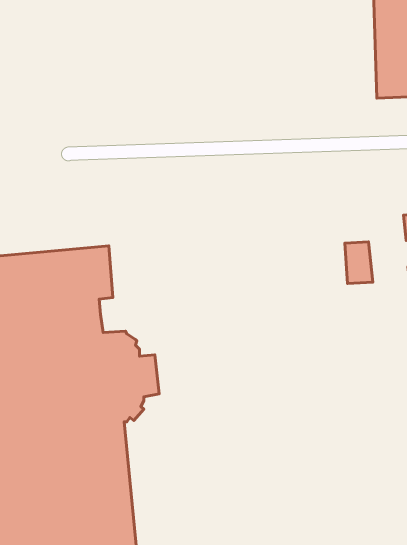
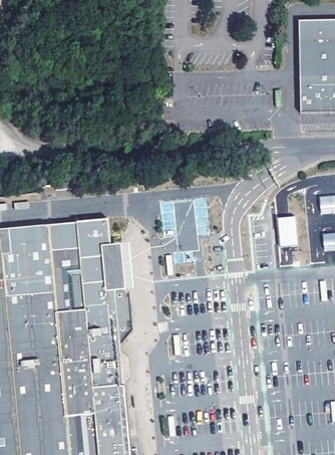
building: none -> [100,254,125,281]

